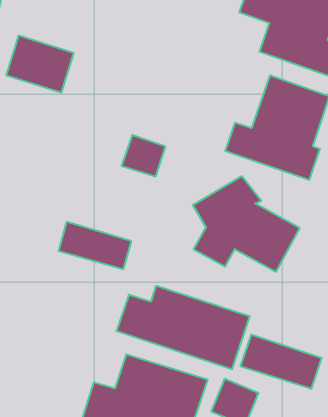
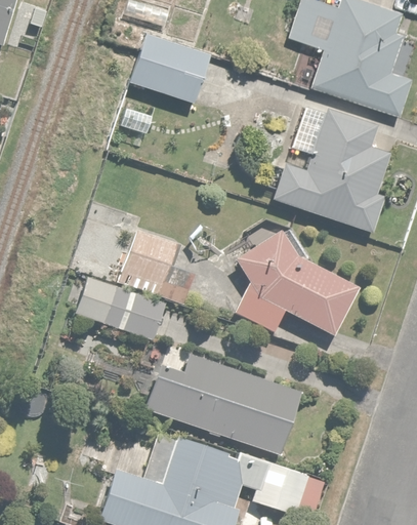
building: [6,36,74,93] -> [133,37,212,104]
building: [122,135,165,176] -> [123,234,174,282]
building: [240,334,322,389] -> none

